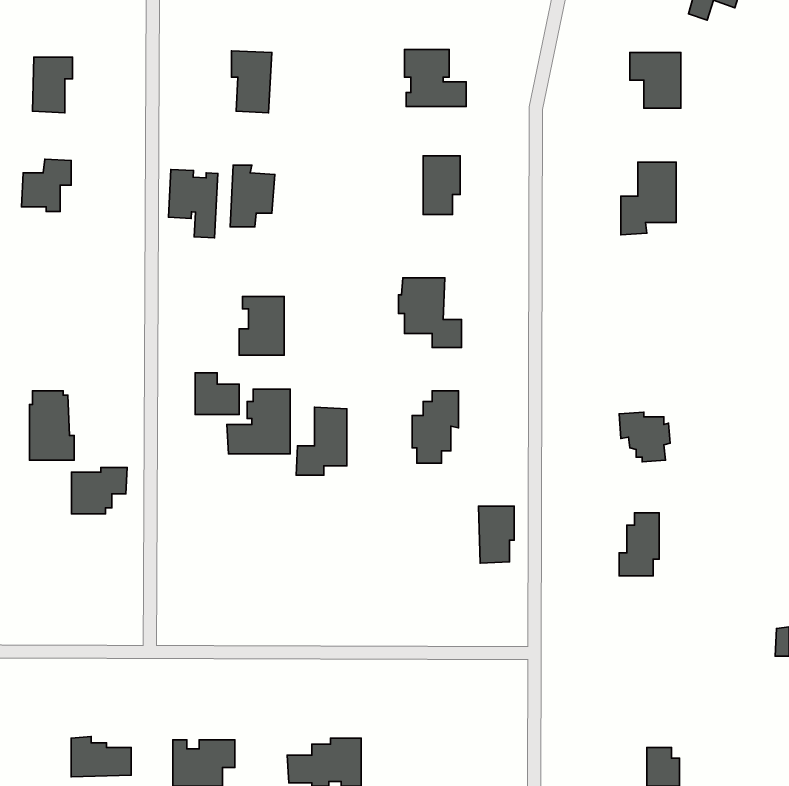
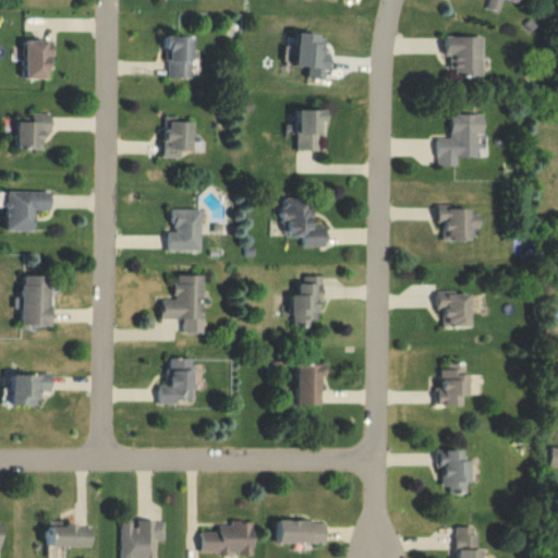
building: [168,169,218,238] -> none
building: none -> [7,191,49,231]
building: none -> [437,204,481,241]
building: [195,373,239,415] -> none
building: [296,407,347,475] -> [159,357,195,405]
building: [72,468,127,514] -> [13,373,52,405]
building: [479,506,514,563] -> [298,364,323,404]
building: none -> [438,450,471,494]
building: none -> [279,523,328,544]

